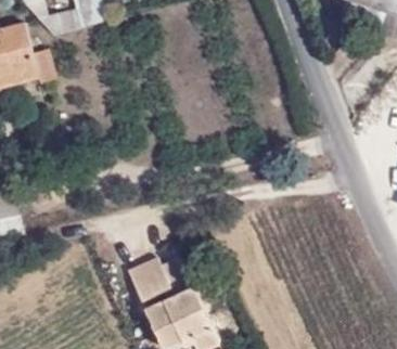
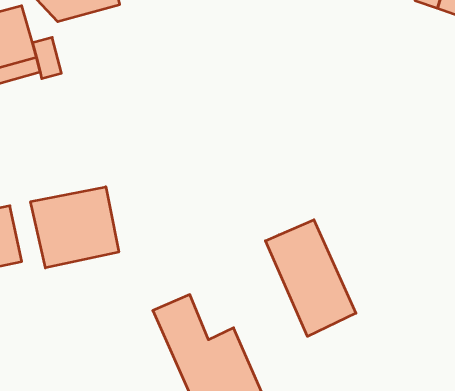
building: none -> [31,187,119,268]
building: none -> [265,220,356,336]

